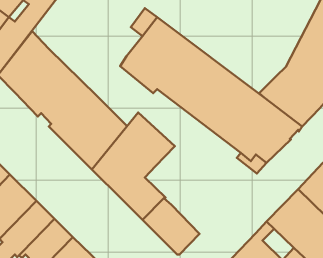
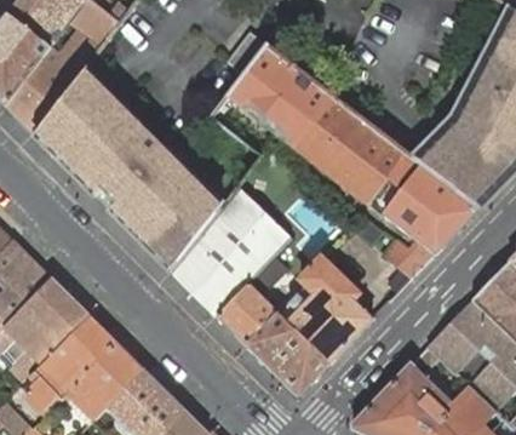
building: none -> [276,253,372,364]

